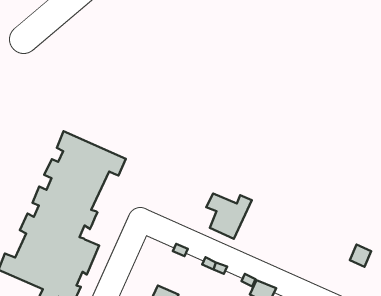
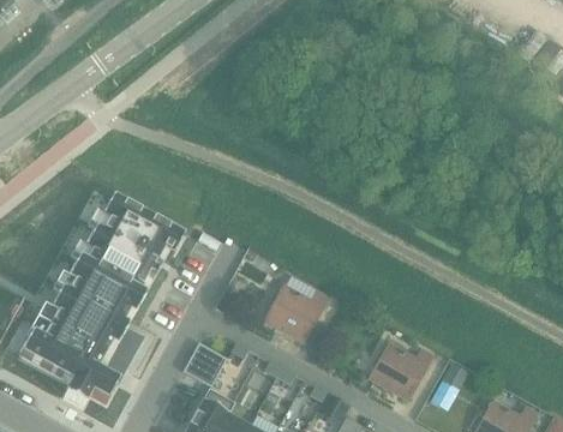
building: none -> [381,342,435,398]
building: none -> [184,342,226,384]

